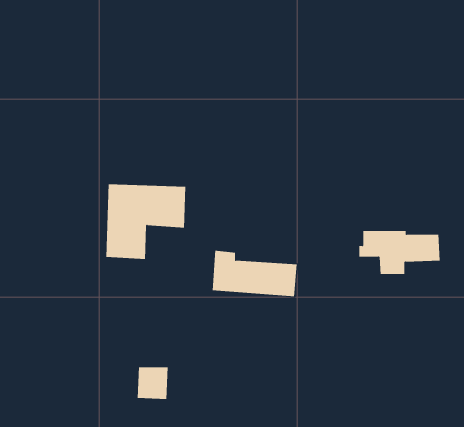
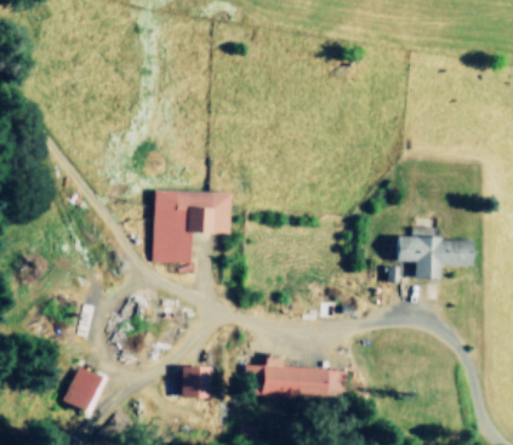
building: [212,250,297,297] -> [260,356,342,401]
building: none -> [61,365,107,413]

